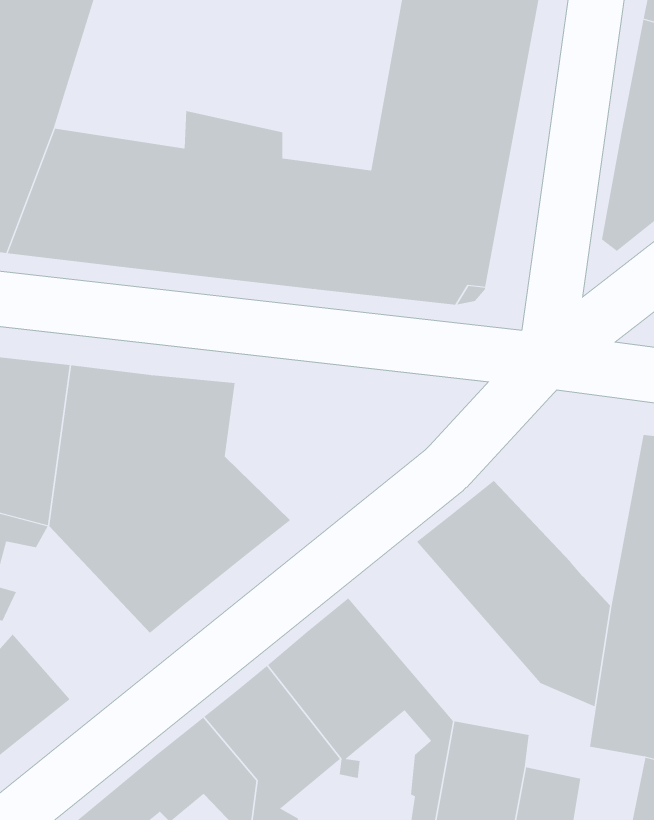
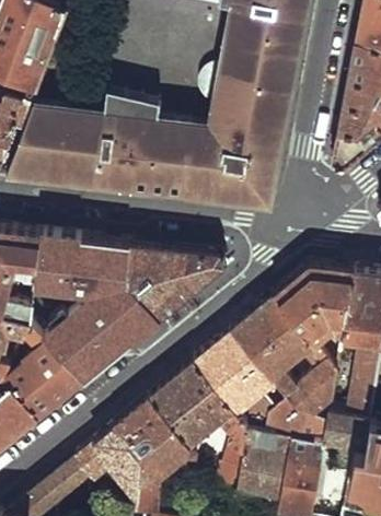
building: none -> [126,245,224,320]
building: none -> [274,269,356,367]
building: none -> [7,324,84,419]
building: none -> [194,332,330,445]

